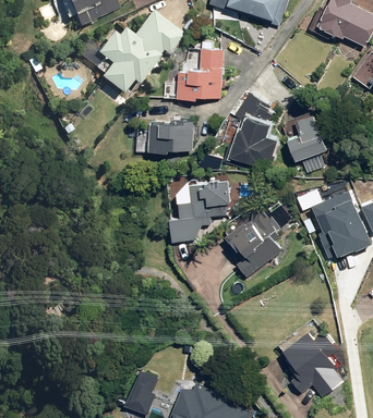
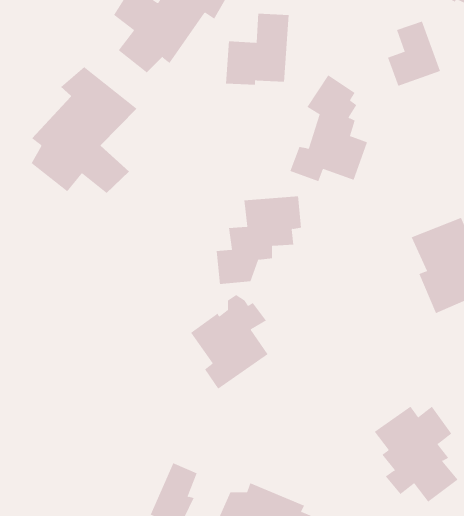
building: none -> [31,66,137,194]
building: [290,112,328,159] -> [387,21,441,87]
building: [149,118,195,151] -> none
building: [226,208,281,275] -> [190,294,268,389]

